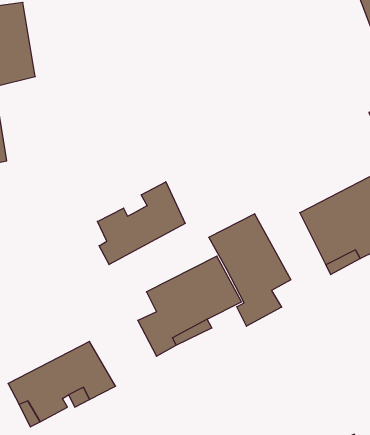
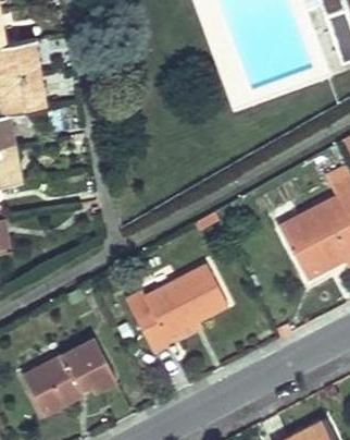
building: [97,182,185,265] -> none
building: [209,214,291,326] -> none

